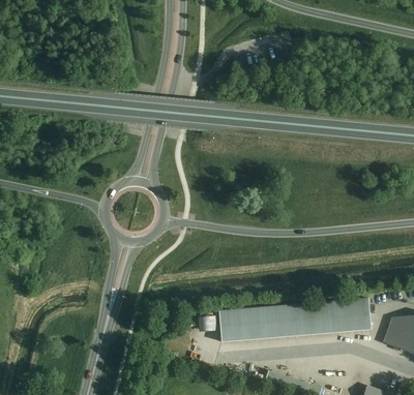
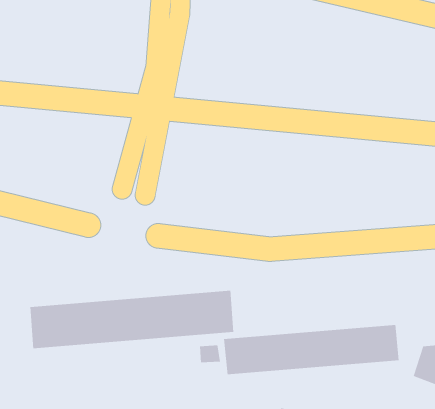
building: none -> [30,290,234,349]

